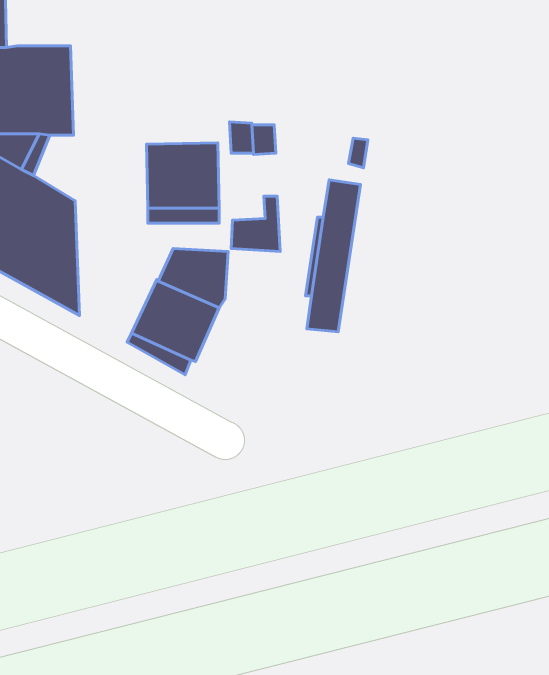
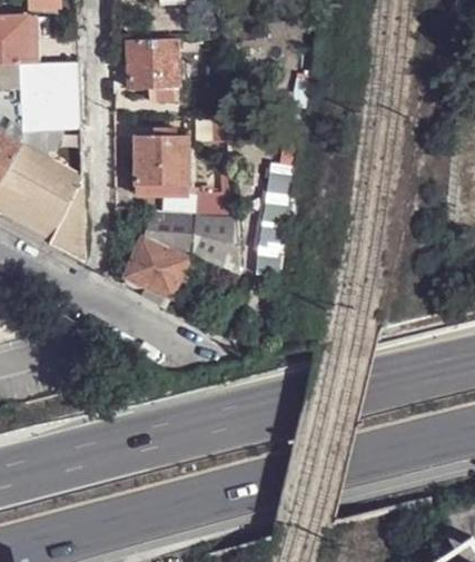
building: none -> [127,40,176,89]
building: none -> [192,214,237,270]

